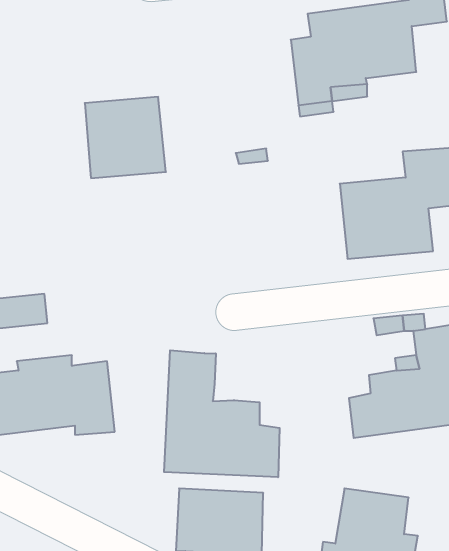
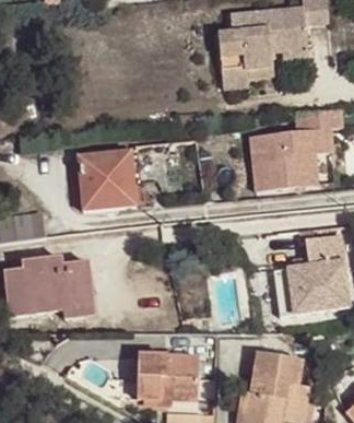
building: [85,97,166,178] -> [78,151,135,209]
building: [164,350,280,477] -> none

